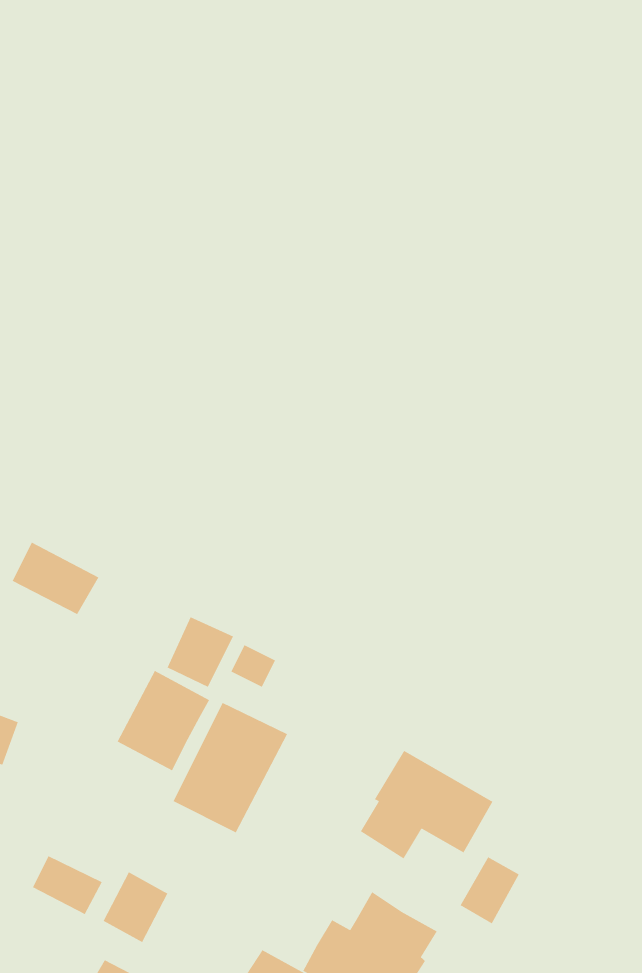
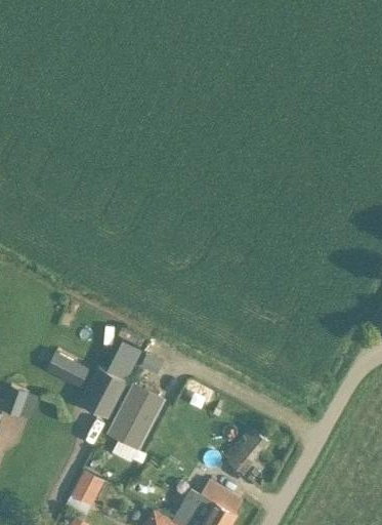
building: [12,541,99,615] -> [45,352,90,390]
building: [32,855,103,915] -> none
building: [459,856,520,925] -> none

